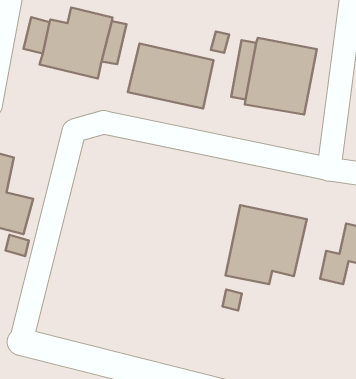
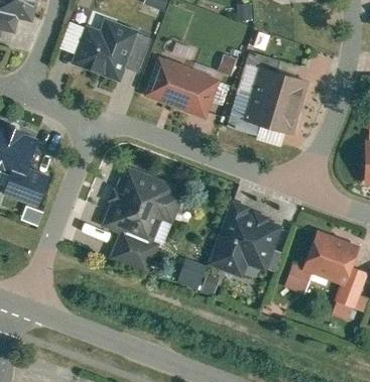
building: none -> [102,165,184,273]
building: none -> [177,258,208,288]

